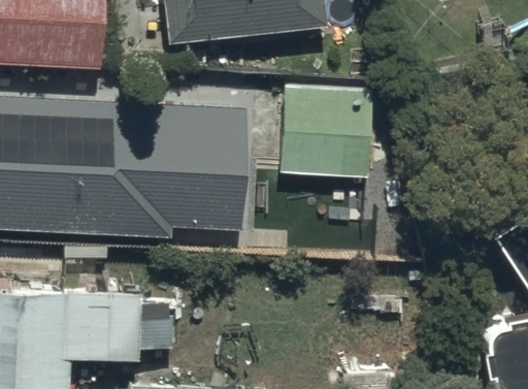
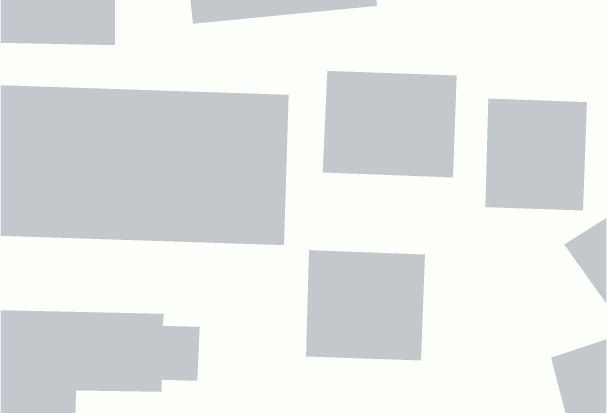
building: none -> [485,98,588,211]
building: none -> [306,249,425,361]

